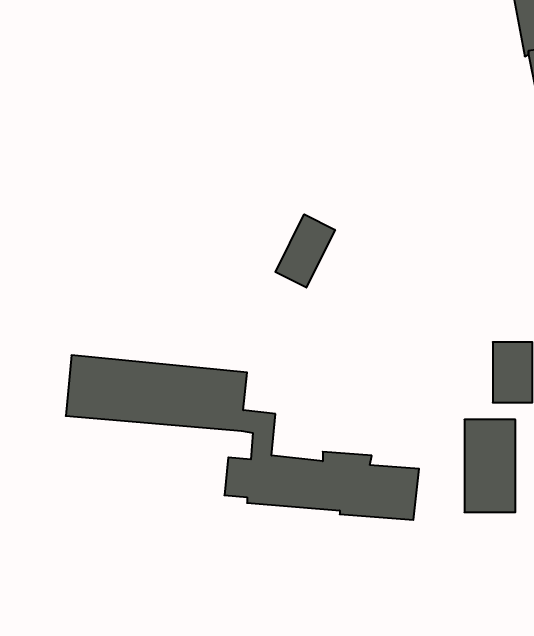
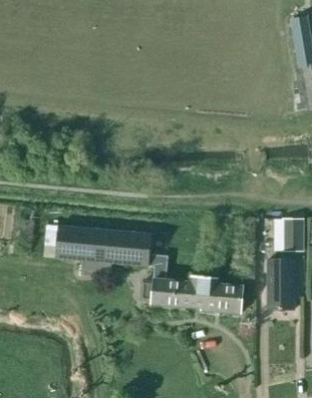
building: [275,214,335,288] -> none

